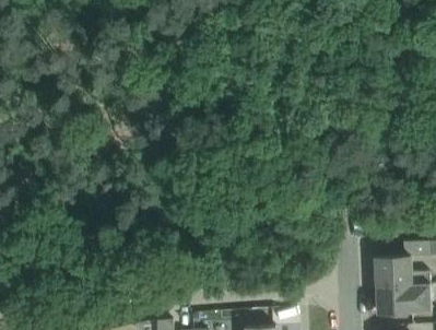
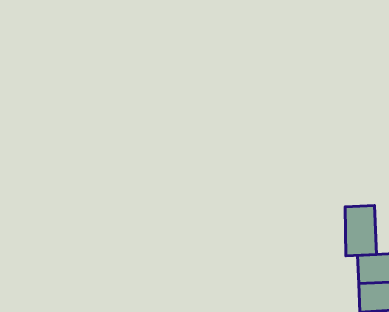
building: none -> [345,206,377,256]

